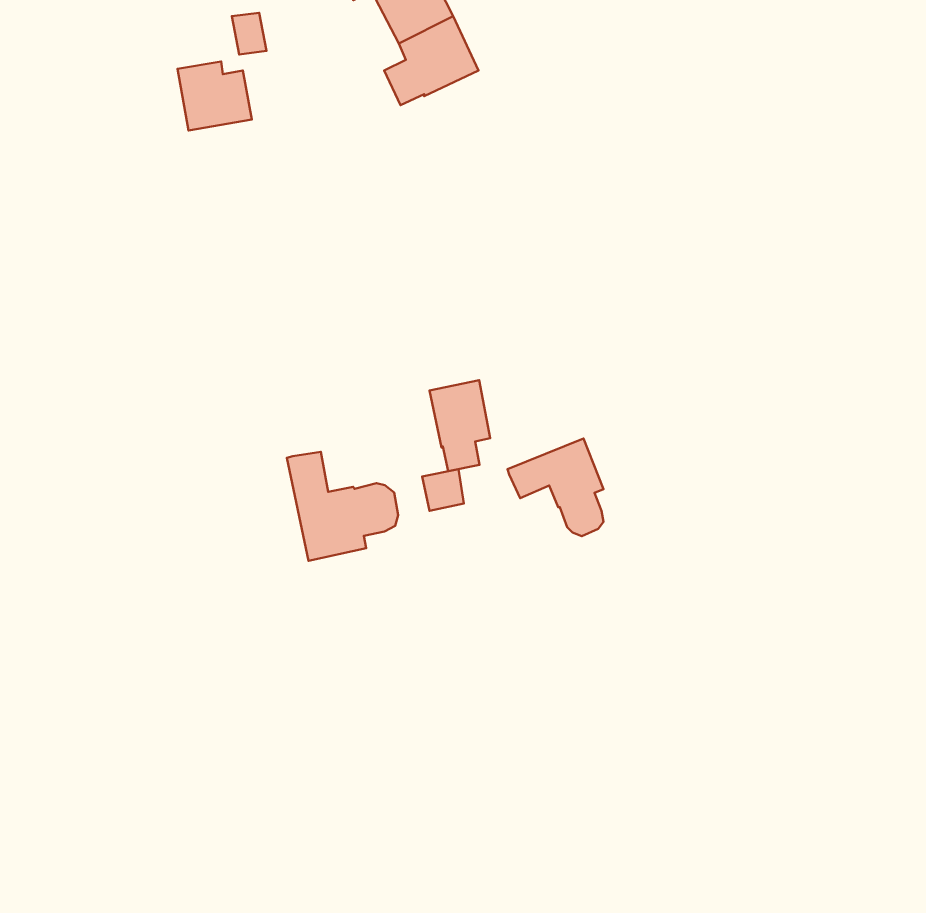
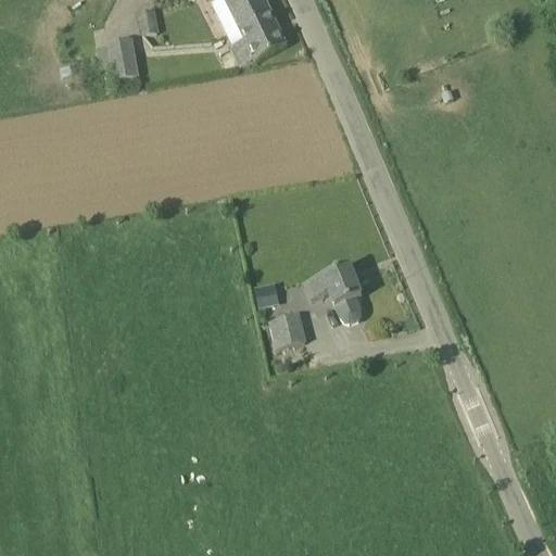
building: [429,380,490,471] -> none
building: [287,452,398,561] -> none
building: none -> [269,312,305,346]

